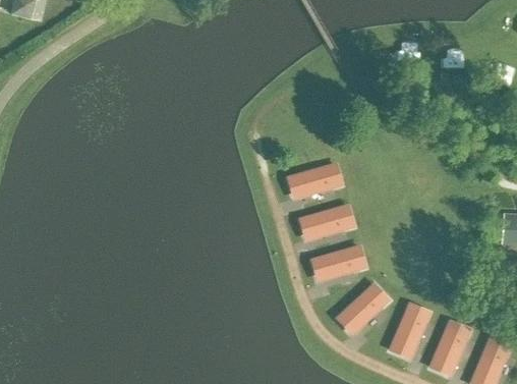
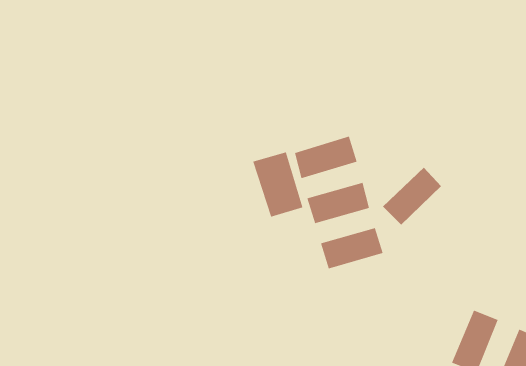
building: none -> [253,151,303,218]
building: [336,281,390,334] -> [382,167,442,226]
building: [389,300,432,358] -> none

